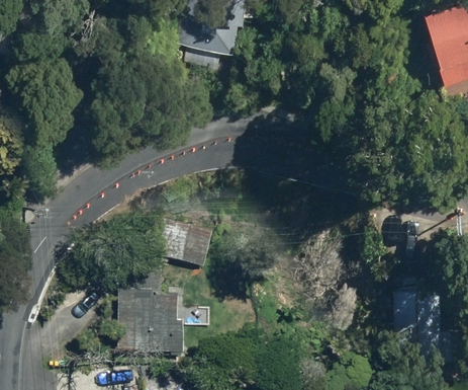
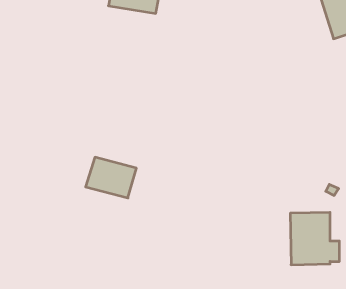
building: [114,297,183,361] -> none

